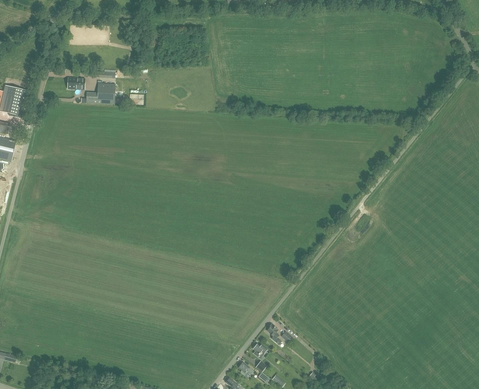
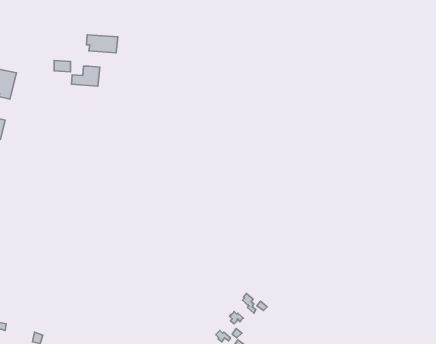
building: none -> [87,35,118,53]

